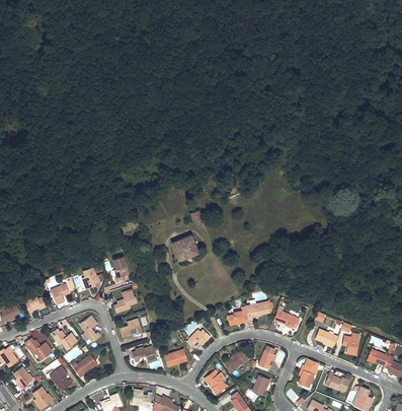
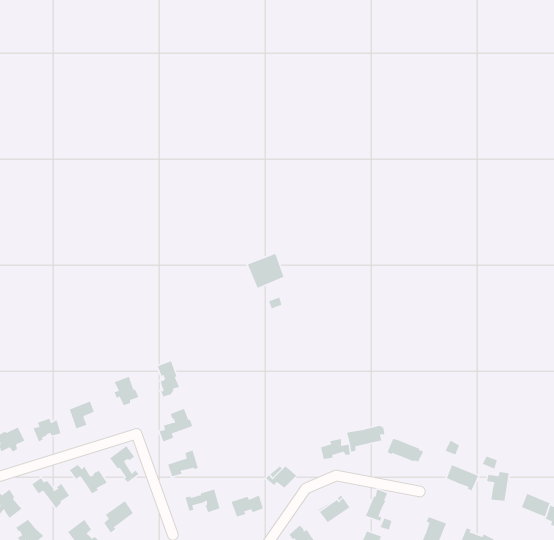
building: [171,235,197,261] -> [247,253,285,289]

